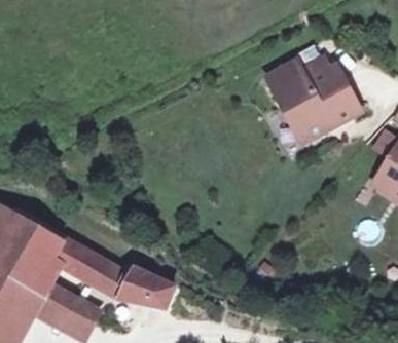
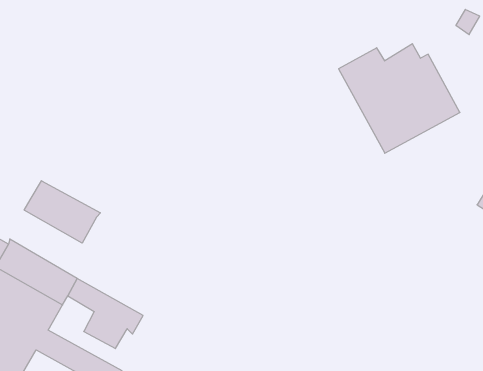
building: none -> [24,181,100,243]
building: [106,267,171,303] -> none

